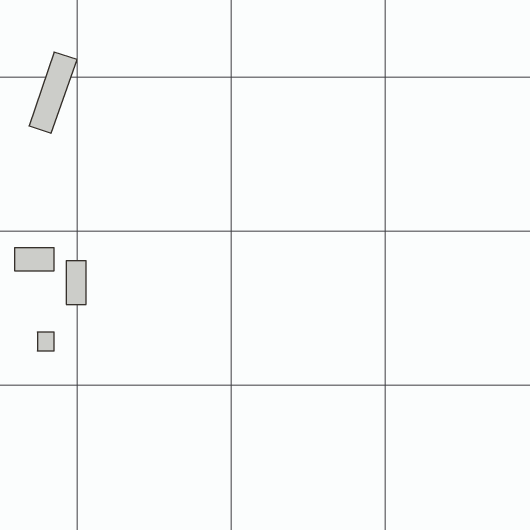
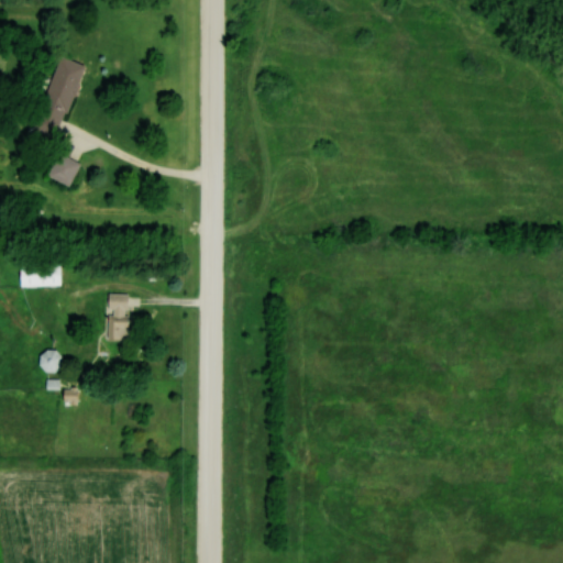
building: none -> [47,153,81,188]
building: [66,261,86,304] -> [108,295,129,341]

